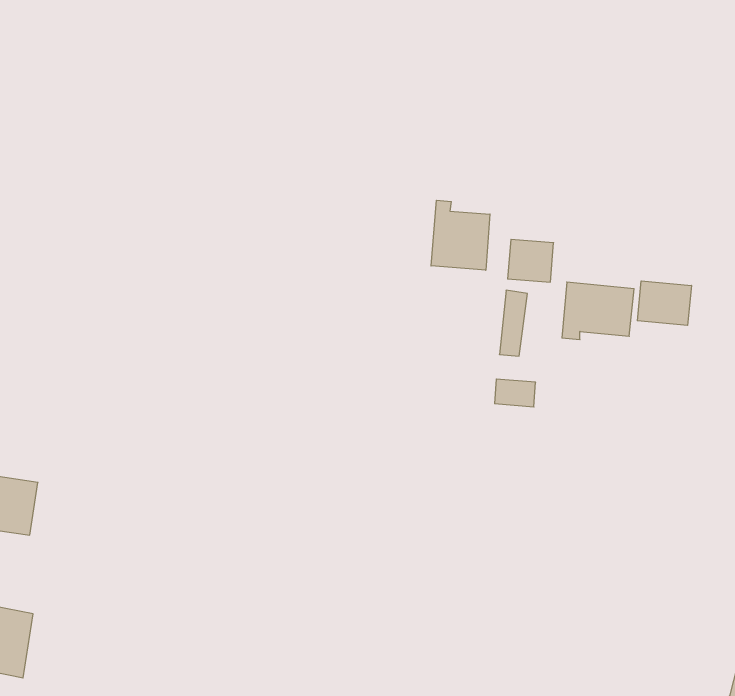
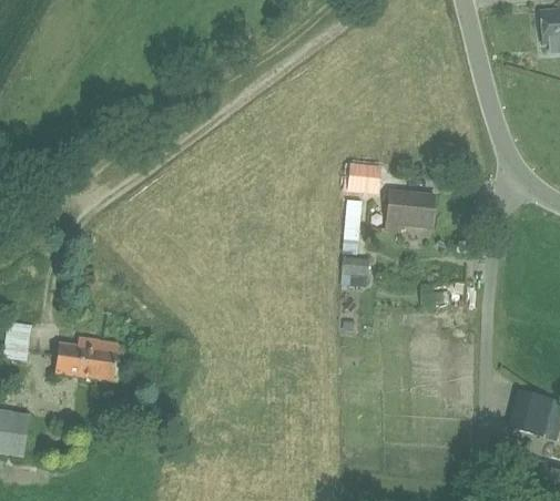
building: [431,200,490,270] -> none
building: [637,281,691,325] -> none
building: none -> [55,340,118,380]

